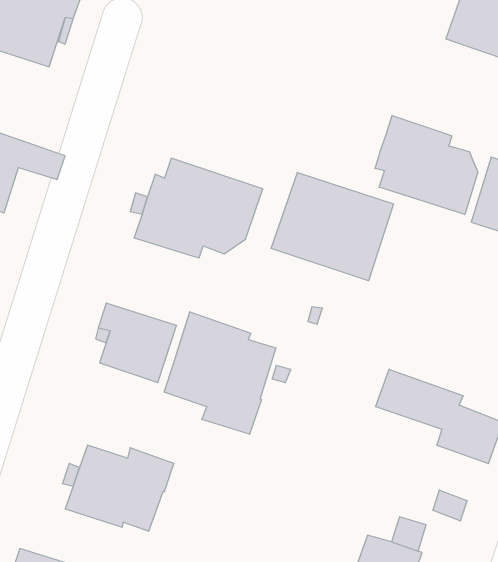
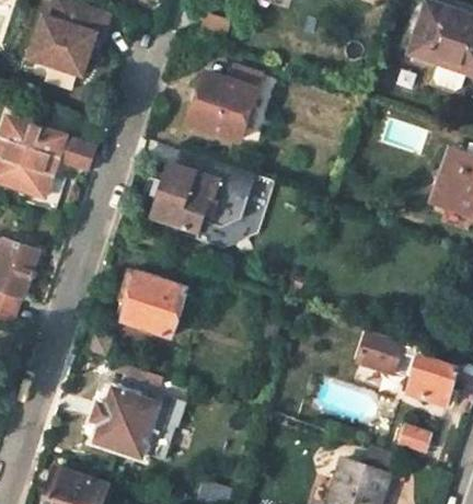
building: none -> [191,67,261,139]
building: [375,115,478,215] -> none
building: [271,172,394,281] -> none
building: [164,312,276,434] -> none

